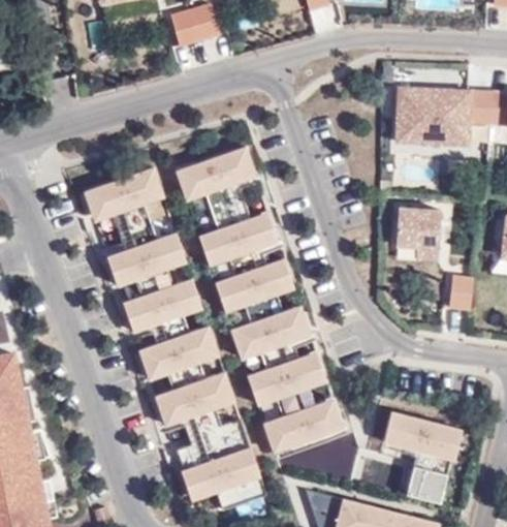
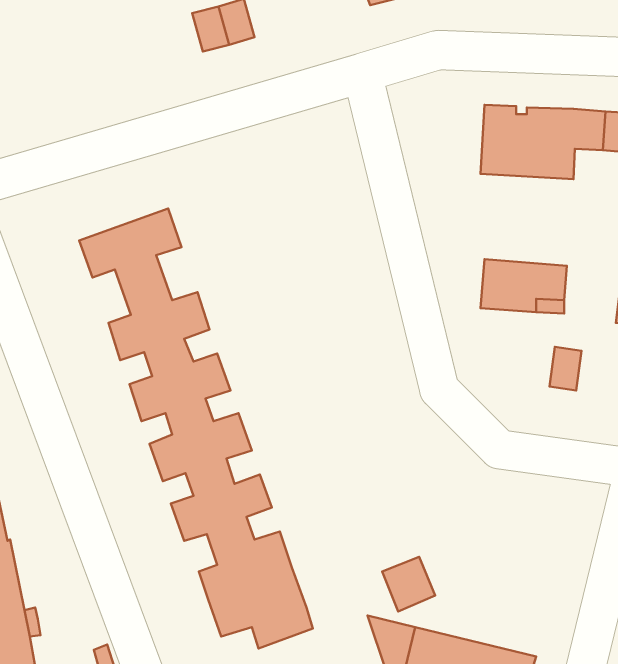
building: [176,148,346,453] -> none
building: [389,407,467,496] -> none

